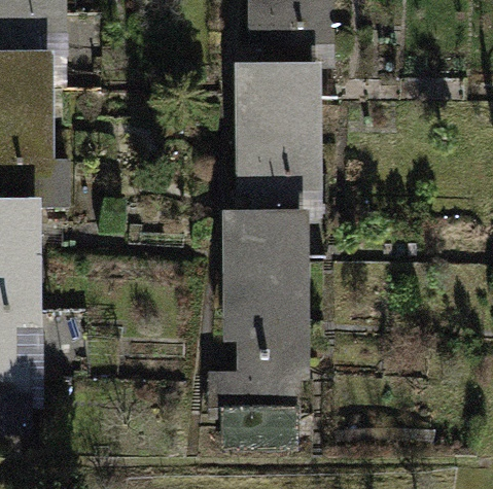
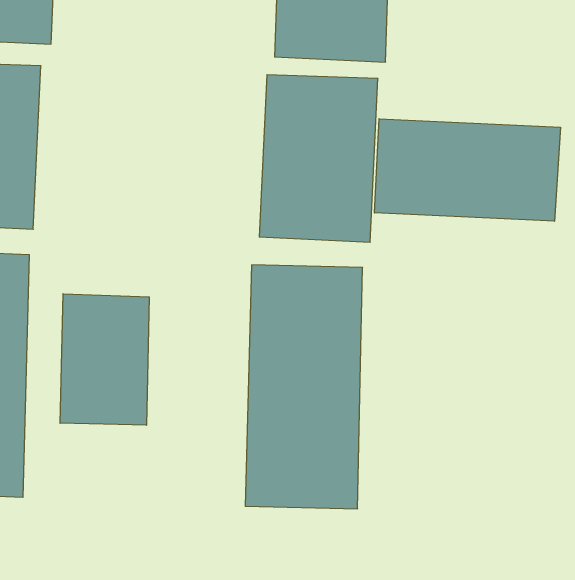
building: none -> [375,119,560,221]
building: none -> [60,294,149,425]

